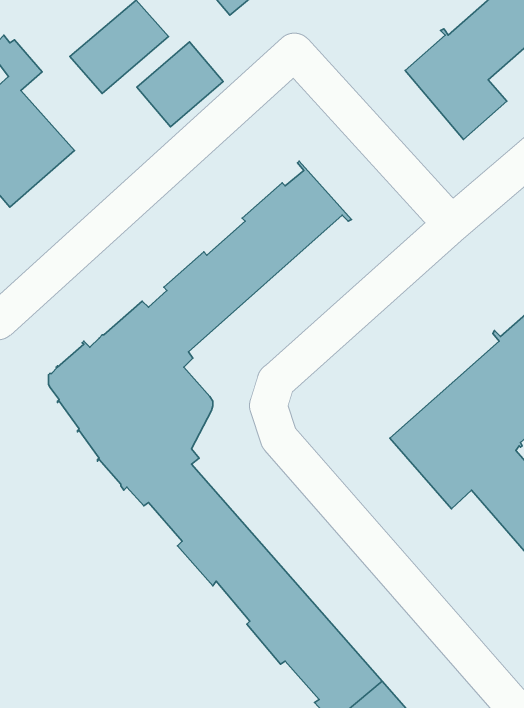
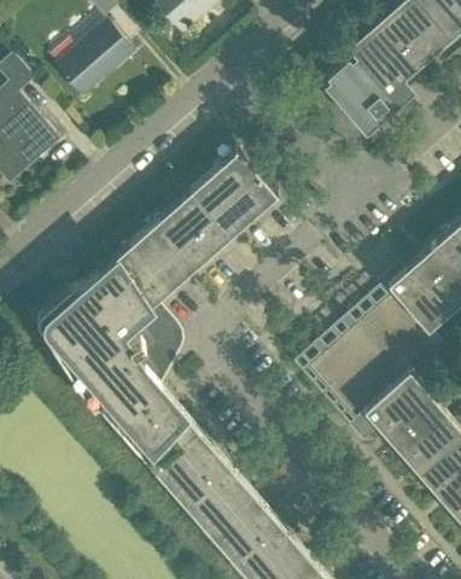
building: [137,42,223,127] -> none

